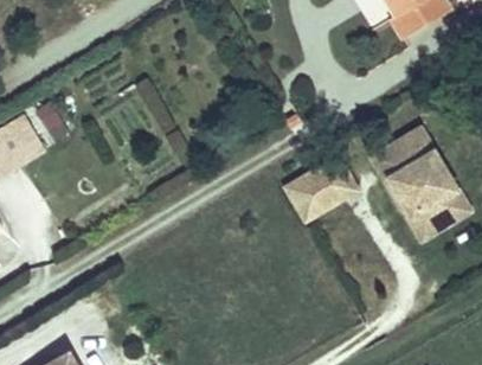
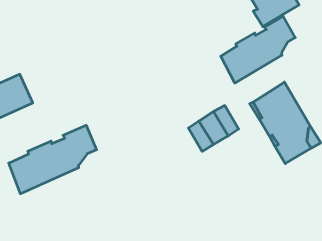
building: none -> [221,16,295,83]
building: none -> [9,125,97,194]

